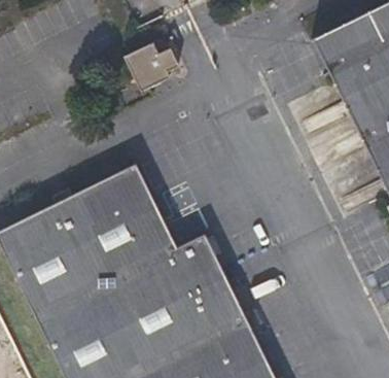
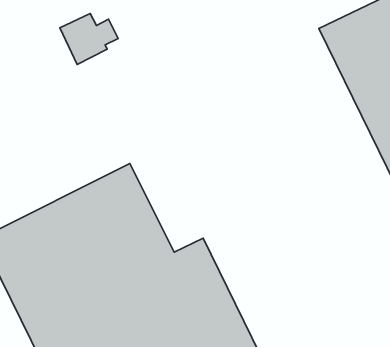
building: [126,44,181,93] -> [60,14,118,64]

